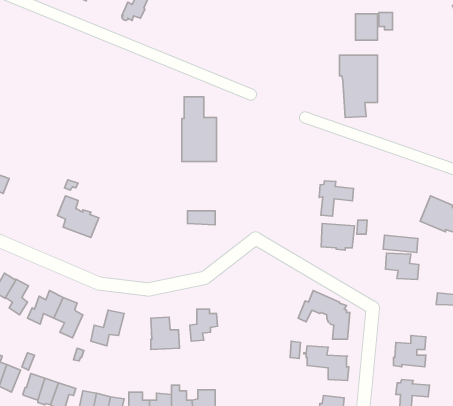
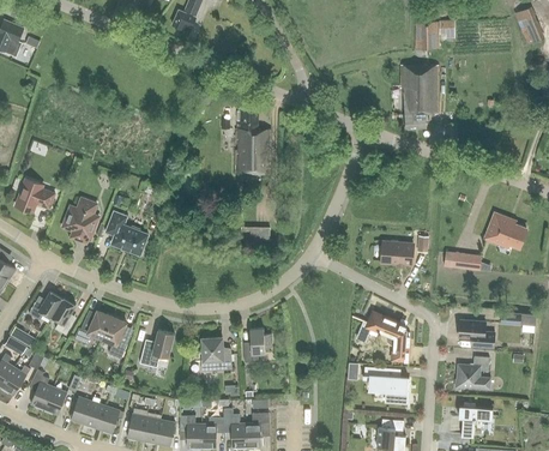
building: [319,181,353,216] -> none
building: none -> [62,198,98,242]
building: [385,253,419,280] -> [459,320,494,348]

